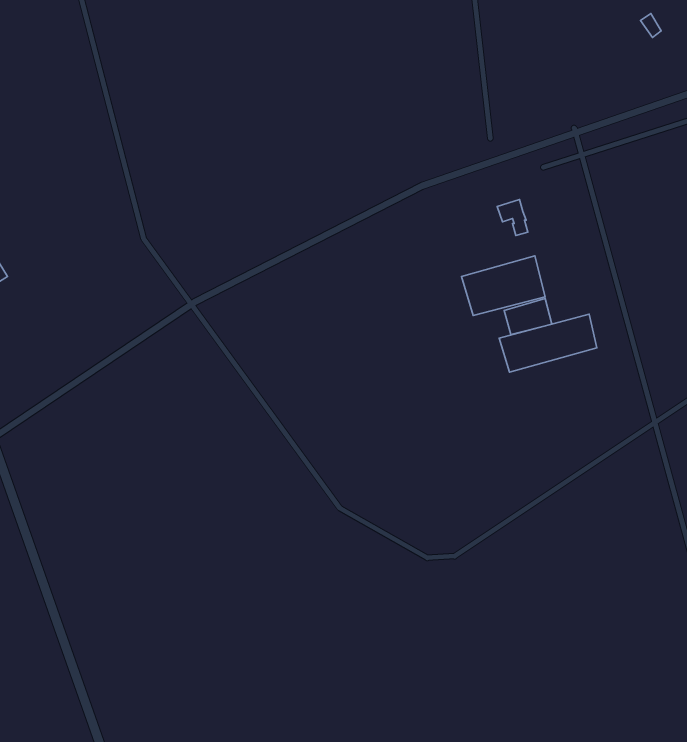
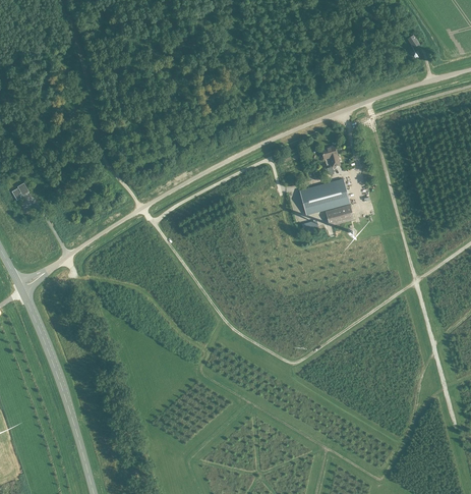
building: [499,314,597,372] -> none

